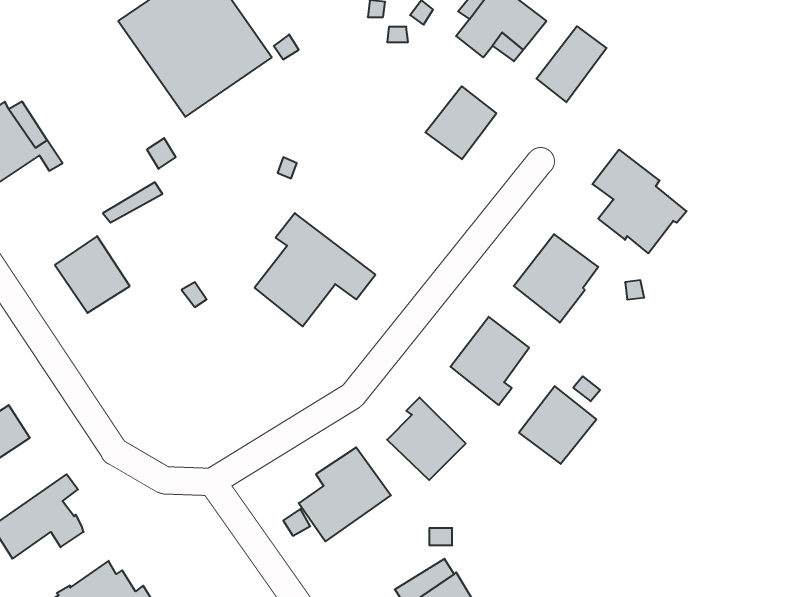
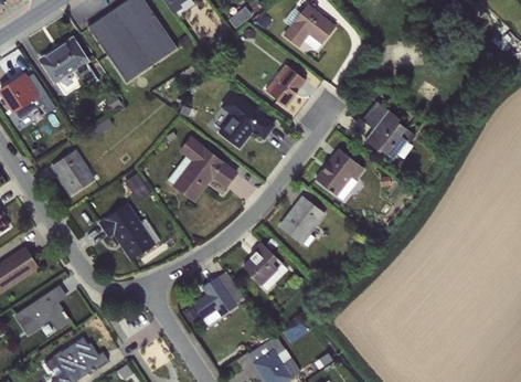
building: [536,26,607,102] -> none
building: none -> [40,38,99,88]
building: none -> [217,93,274,149]
building: none -> [99,203,160,259]
building: [519,386,596,464] -> none

